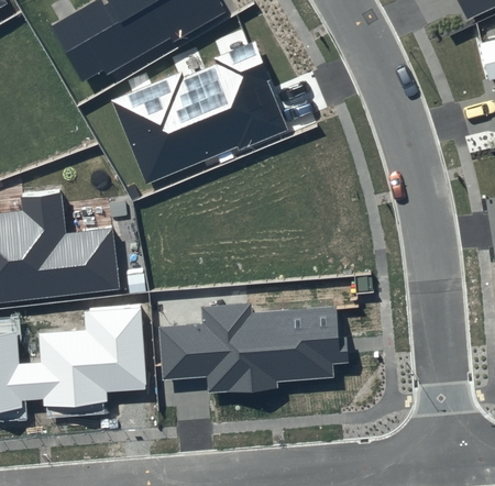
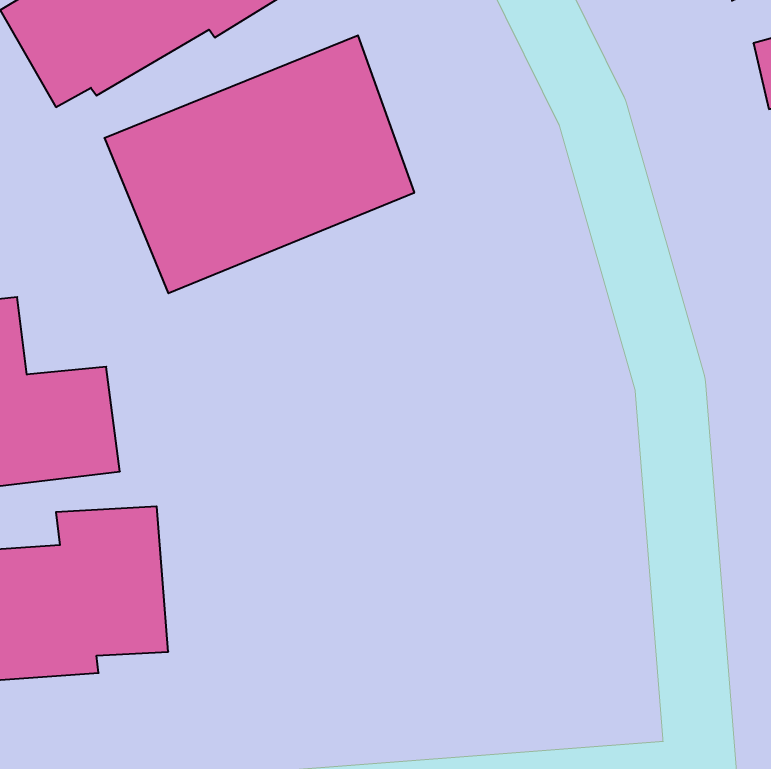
building: [160,302,349,394] -> none

